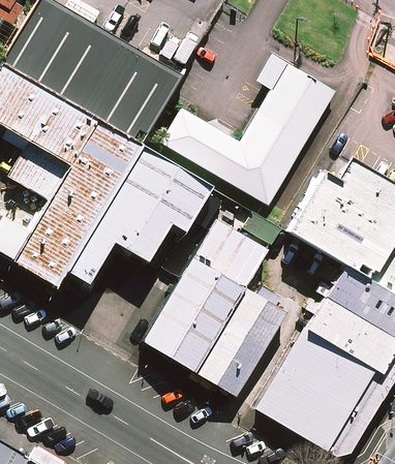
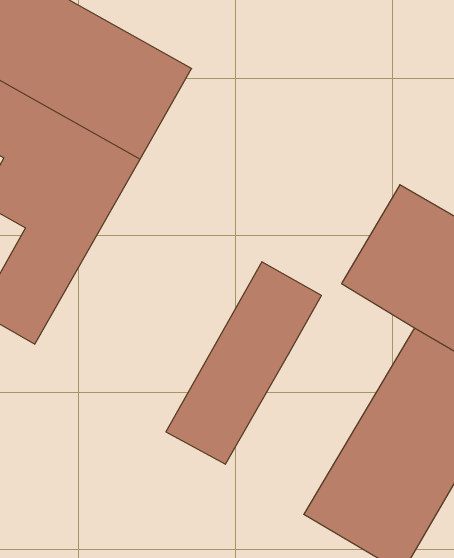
building: [163,55,336,197] -> none
building: [57,141,199,284] -> none
building: [195,289,288,400] -> none

